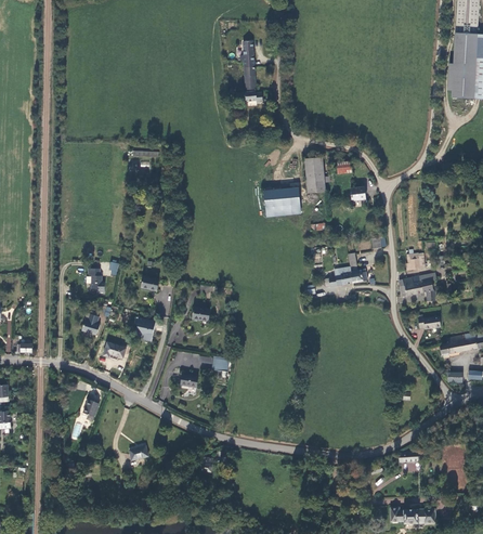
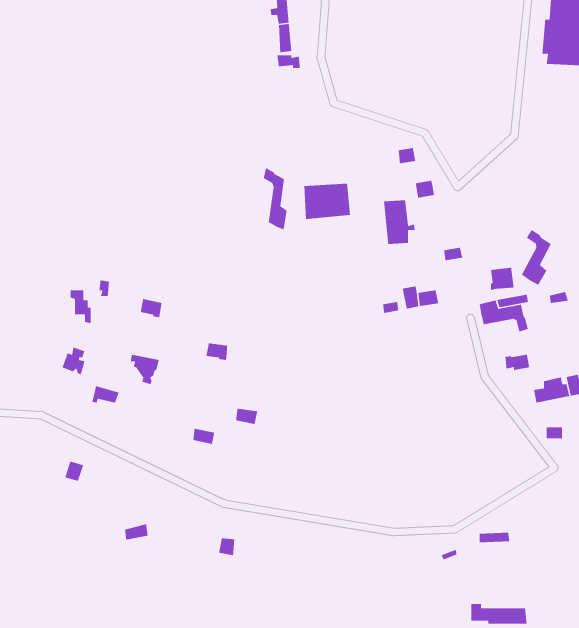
building: [304,158,329,193] -> [383,199,416,245]
building: none -> [263,167,288,230]
building: none -> [521,229,552,286]

